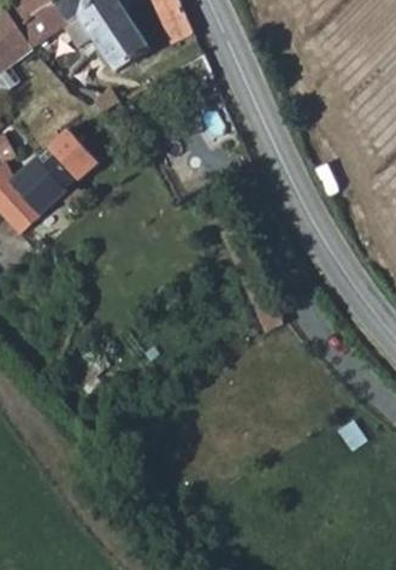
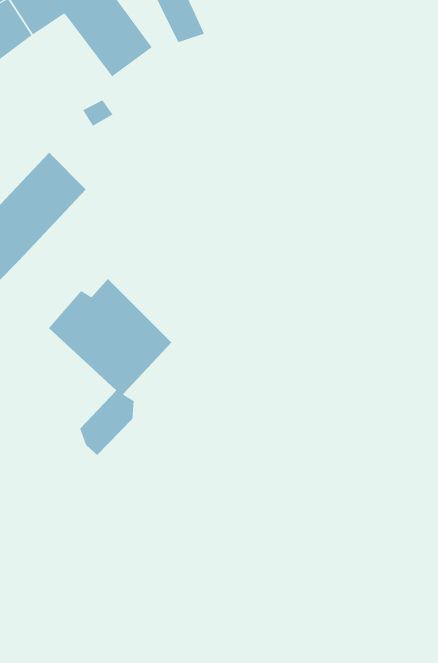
building: none -> [48,278,172,456]

